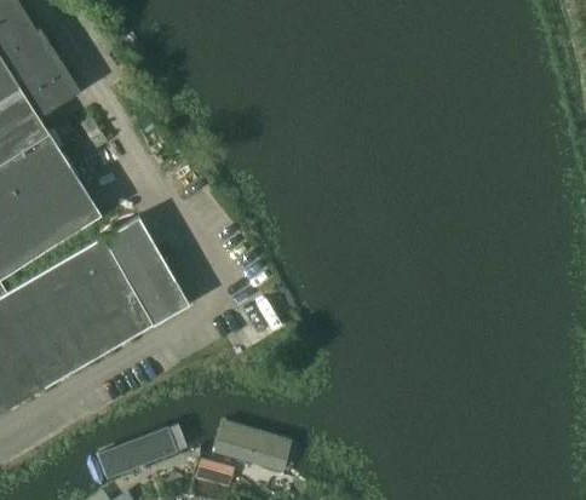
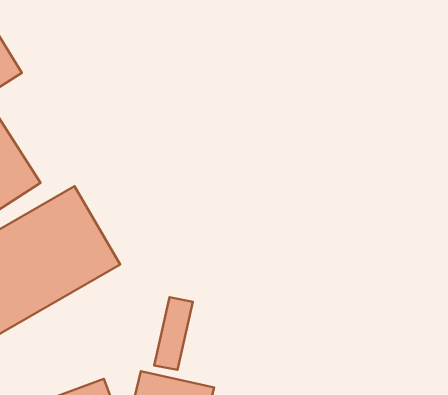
building: none -> [154,297,193,370]

